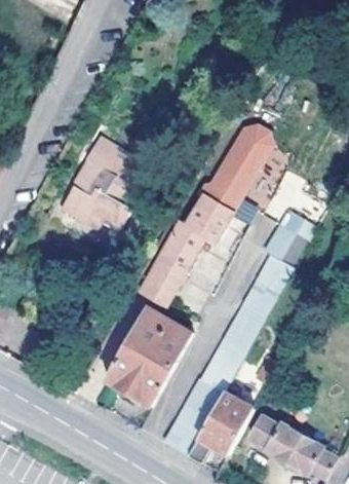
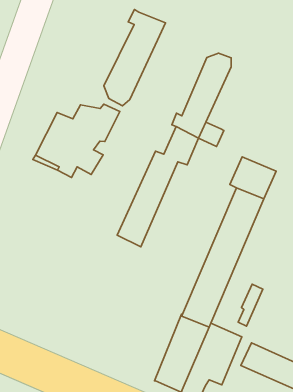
building: none -> [104,10,165,106]
building: [107,309,194,408] -> none

